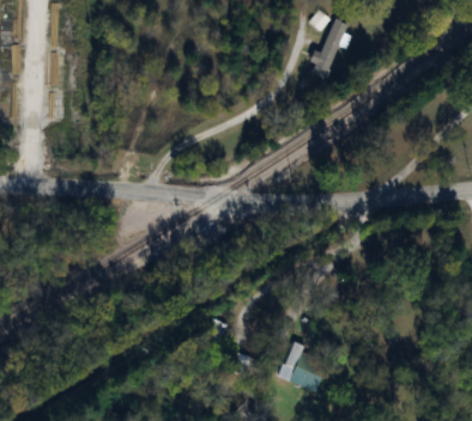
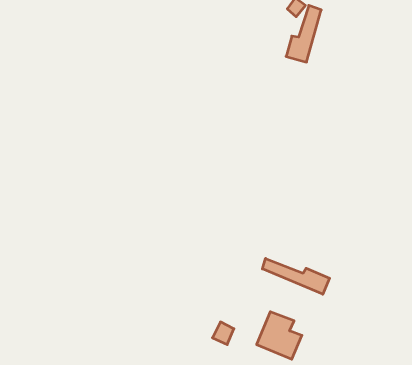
building: none -> [262,258,330,294]

